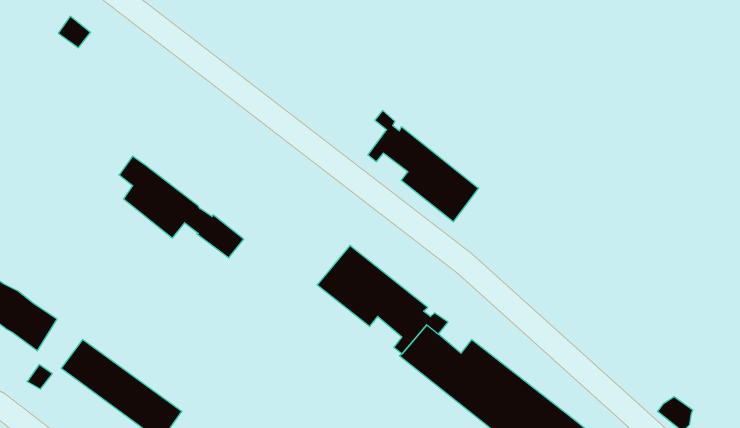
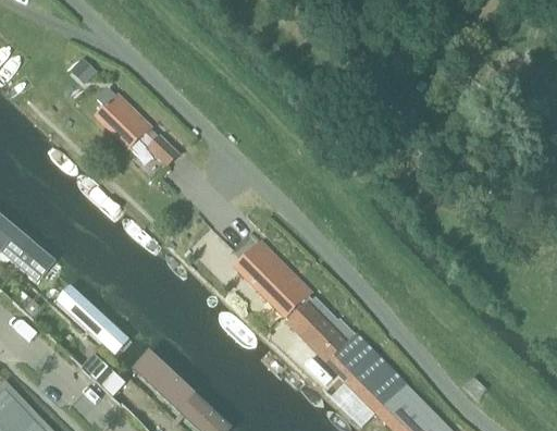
building: [368,111,479,222] -> none
building: [119,156,244,258] -> [97,84,180,163]

